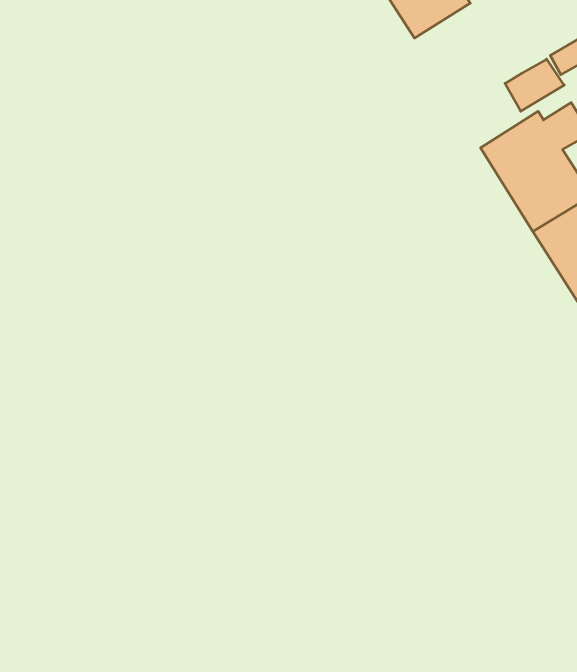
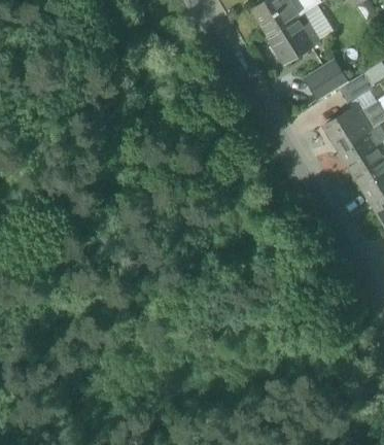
building: none -> [306,60,349,99]

